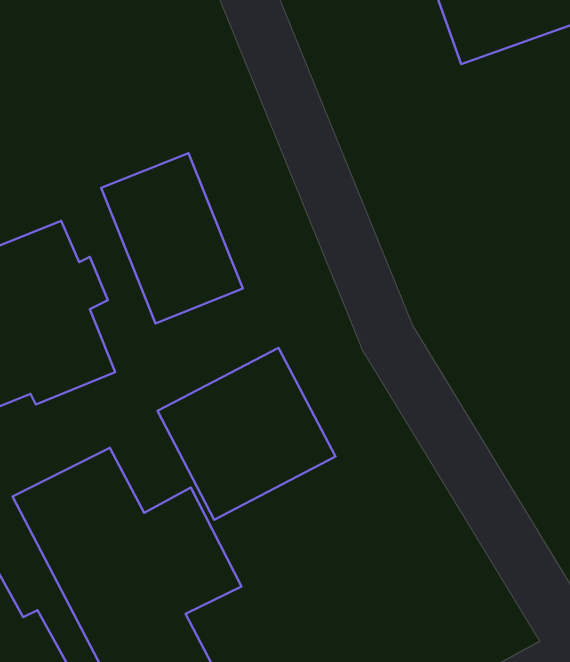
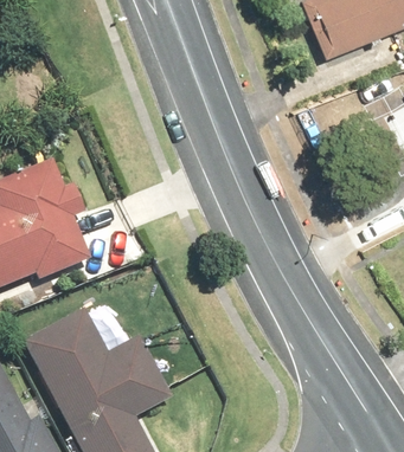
building: [101,153,243,323] -> none
building: [157,348,335,520] -> none

